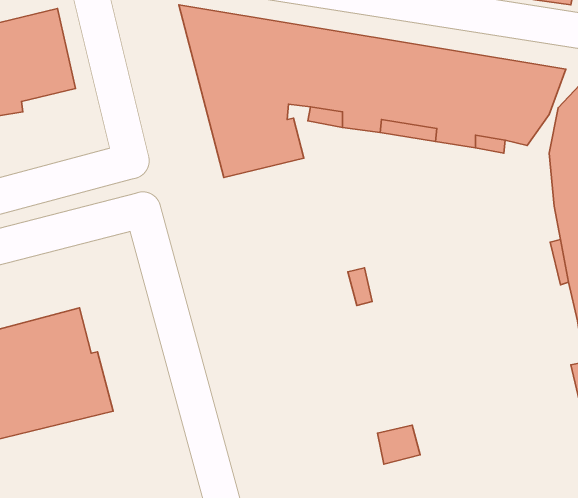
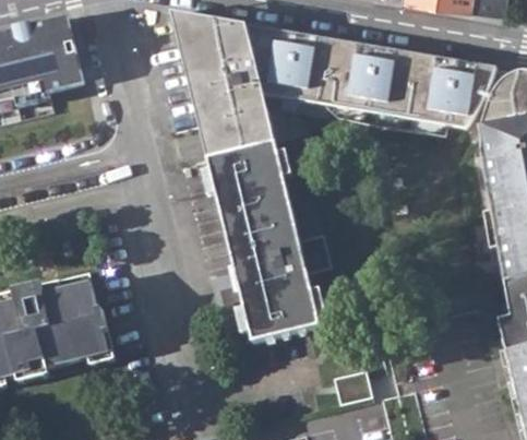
building: none -> [207,142,323,345]

